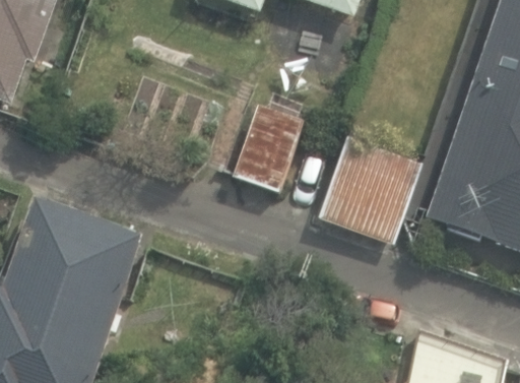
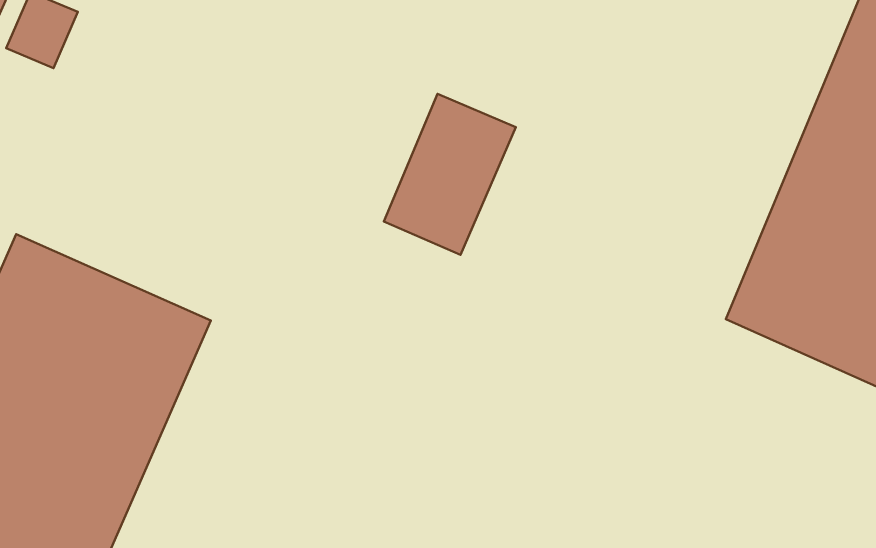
building: [322,136,425,242] -> none

